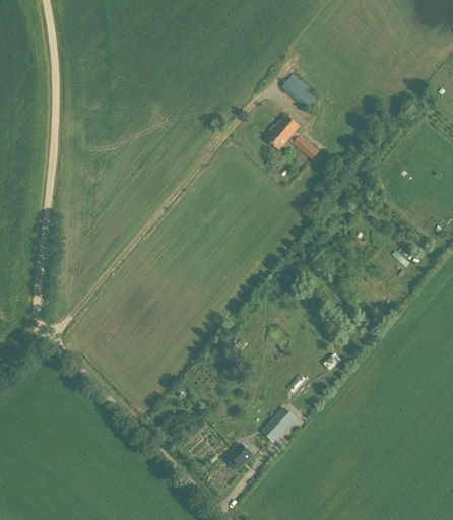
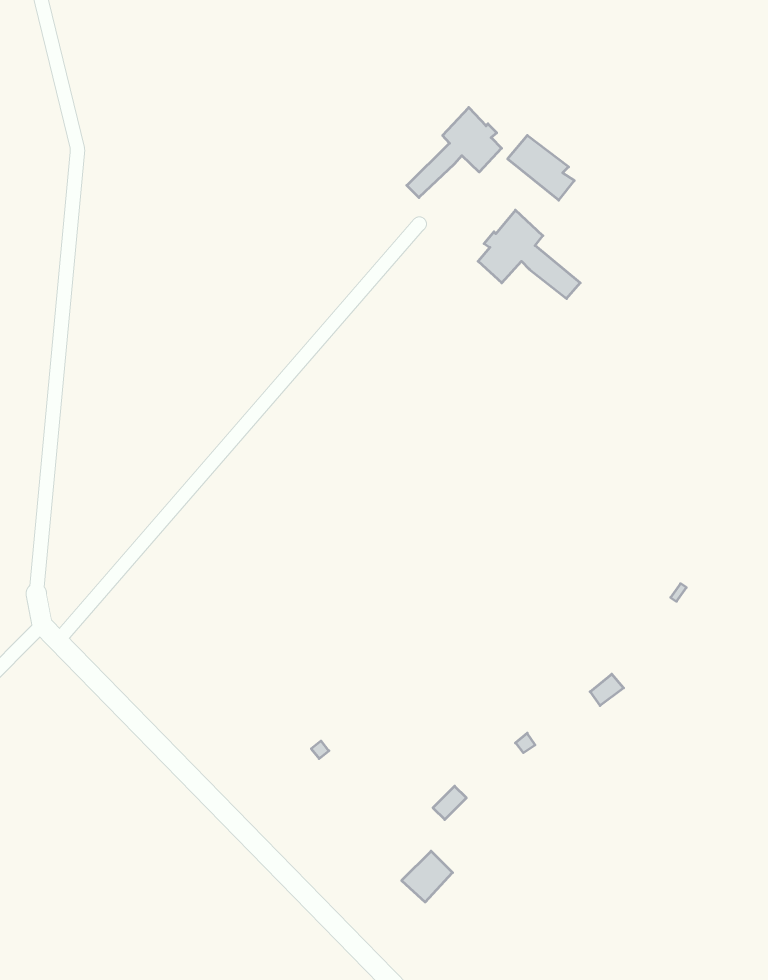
building: none -> [407,107,502,198]
building: [261,406,296,441] -> none

